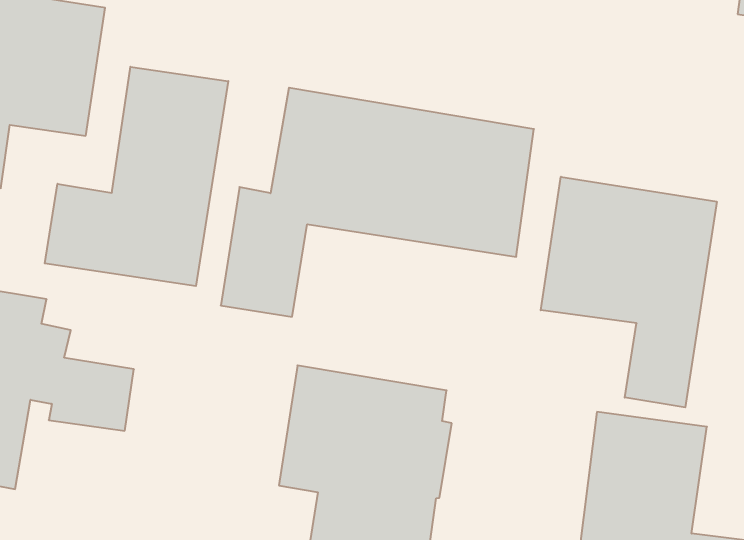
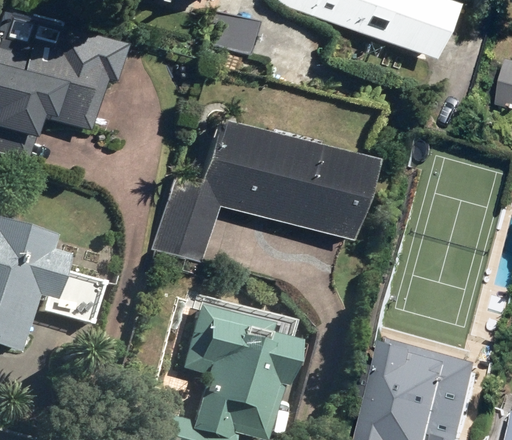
building: [45,67,228,286] -> none
building: [541,177,717,407] -> none

